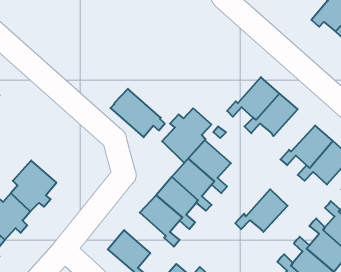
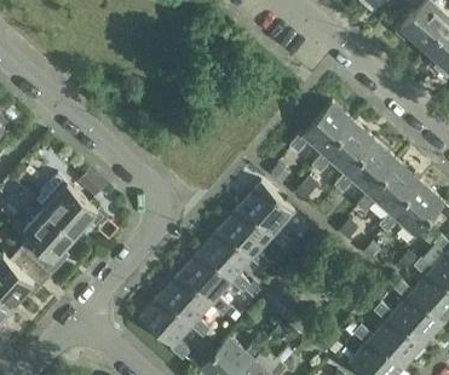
building: [110,89,165,137] -> [35,175,103,236]
building: [162,108,211,163] -> none
building: [235,189,288,232] -> [334,144,399,197]
building: none -> [161,273,213,338]

